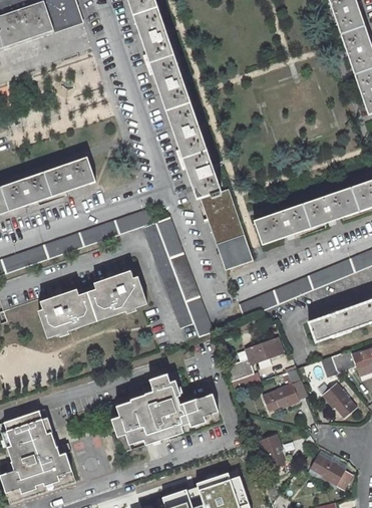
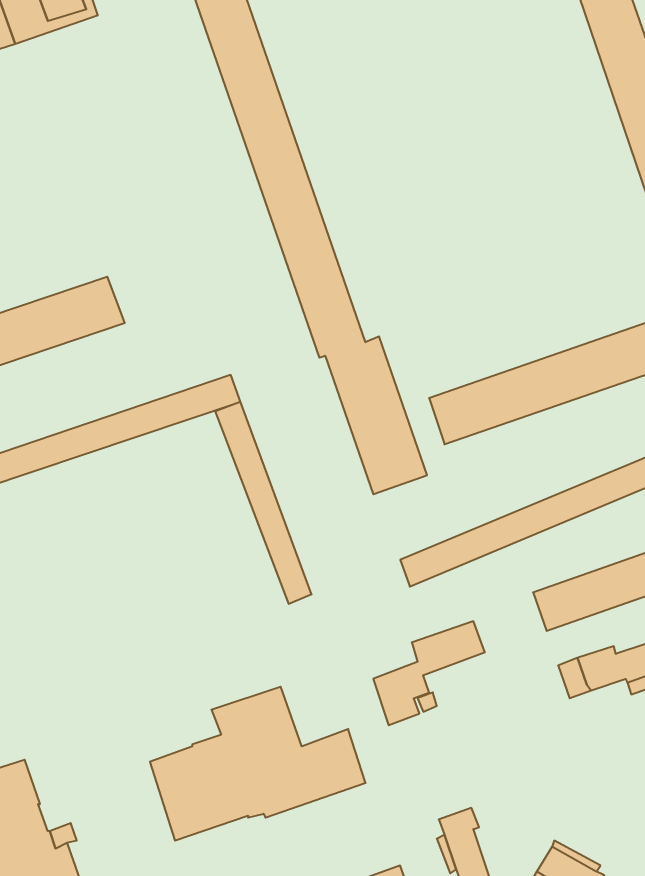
building: [155,216,213,336] -> none
building: [38,270,146,337] -> none
building: [262,368,307,410] -> none
building: [322,383,356,417] -> none

